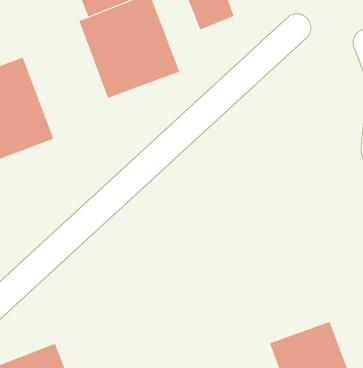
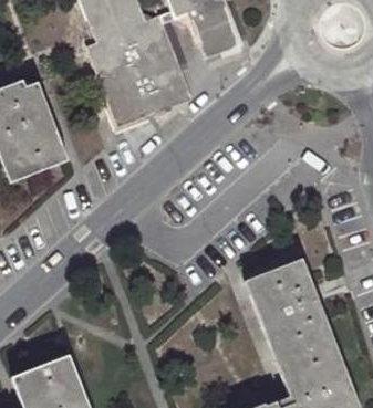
building: none -> [245,258,332,356]

